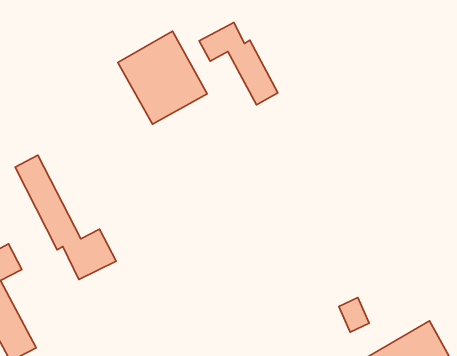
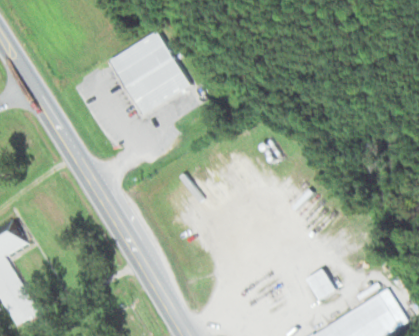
building: [199,22,278,105] -> none
building: [15,155,116,279] -> none

